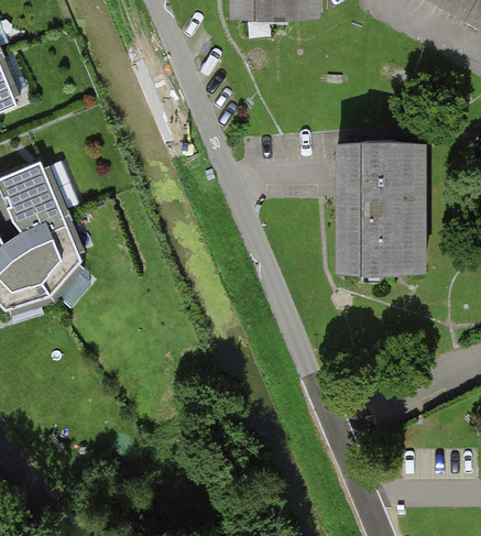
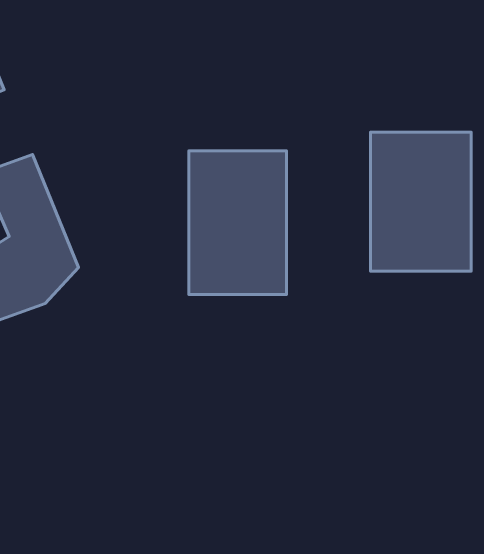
building: none -> [189,151,287,295]

